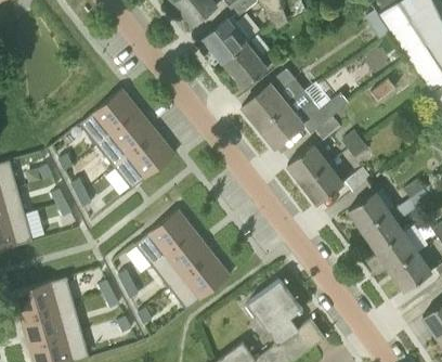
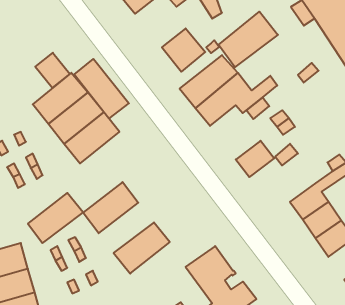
building: [203,17,247,61] -> none
building: none -> [218,12,278,67]
building: none -> [35,53,70,88]
building: none -> [74,59,129,118]
building: [287,143,329,184] -> none
building: [348,191,390,231] -> none
building: [152,232,212,287] -> [28,193,83,243]

